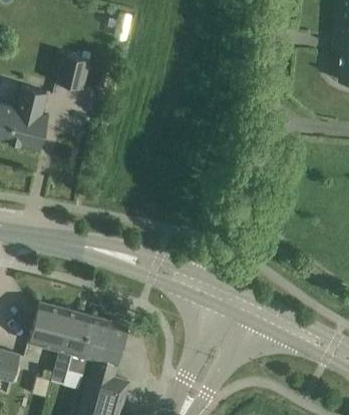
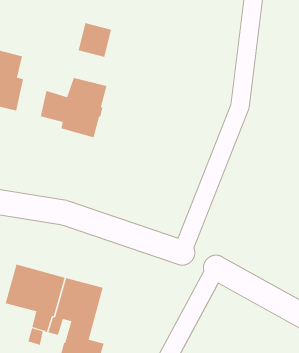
building: [55,54,89,89] -> [78,23,112,57]
building: none -> [40,77,107,138]

